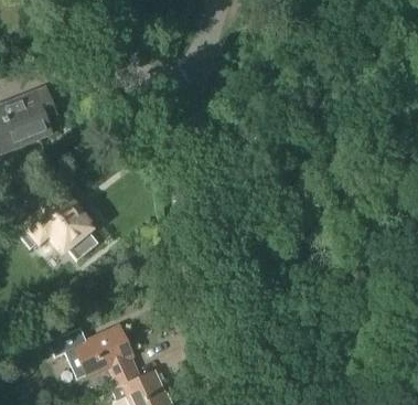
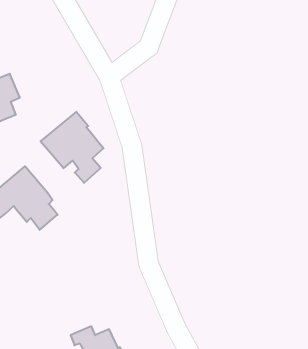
building: none -> [41,112,104,183]
building: [49,328,136,380] -> none

